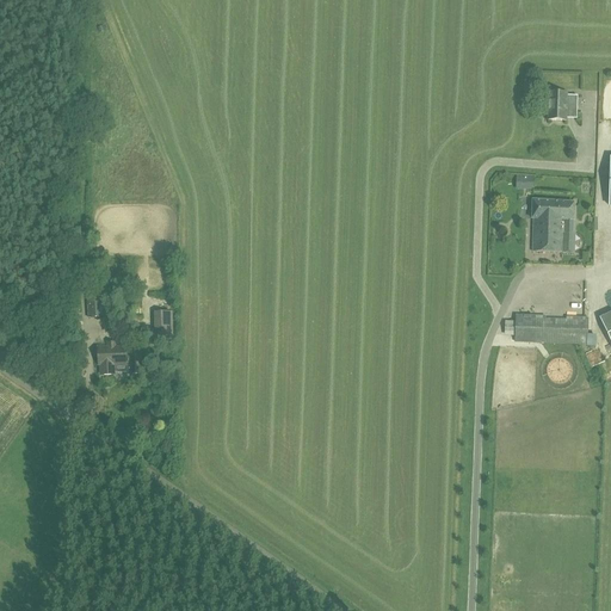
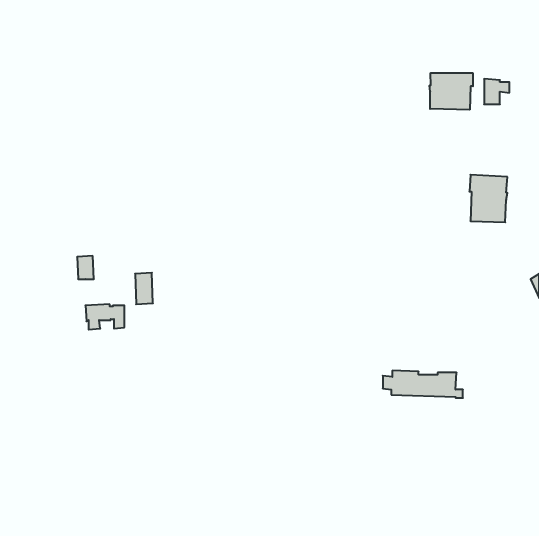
building: none -> [430,73,473,110]
building: [505,313,595,344] -> [383,371,463,398]

